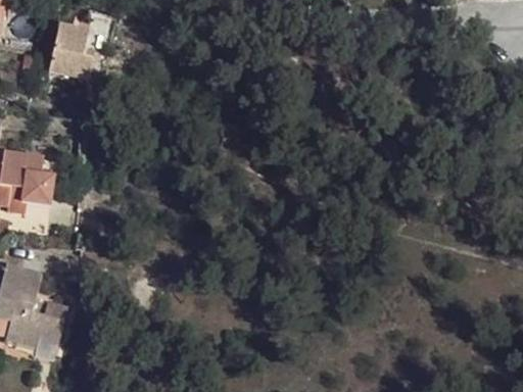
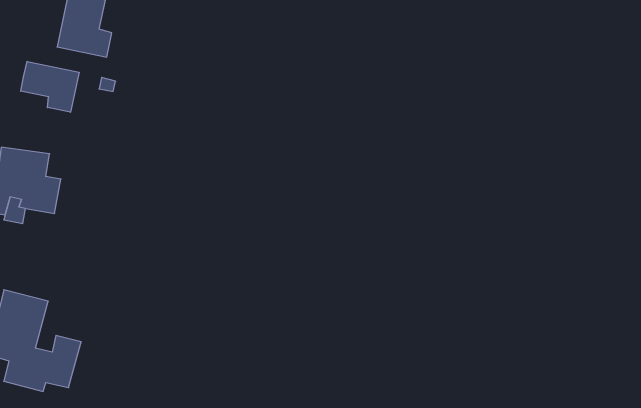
building: none -> [21,61,79,112]

